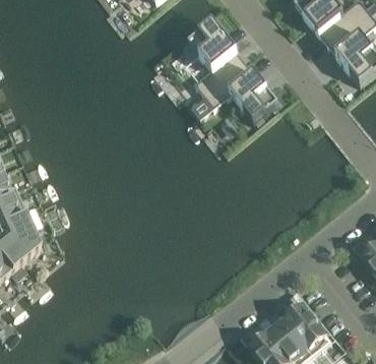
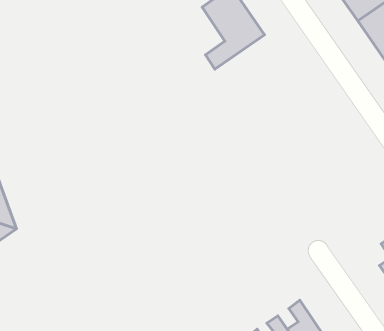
building: [203,60,277,121] -> none

